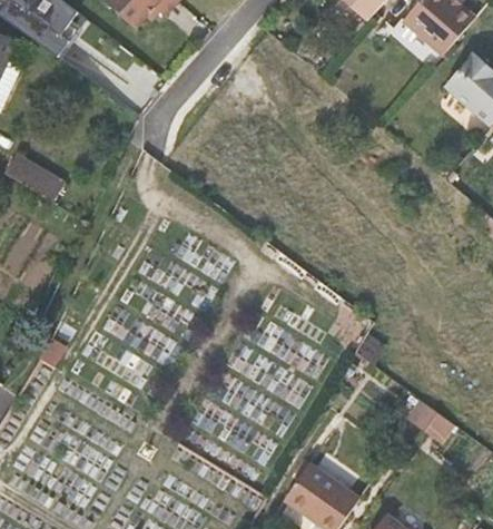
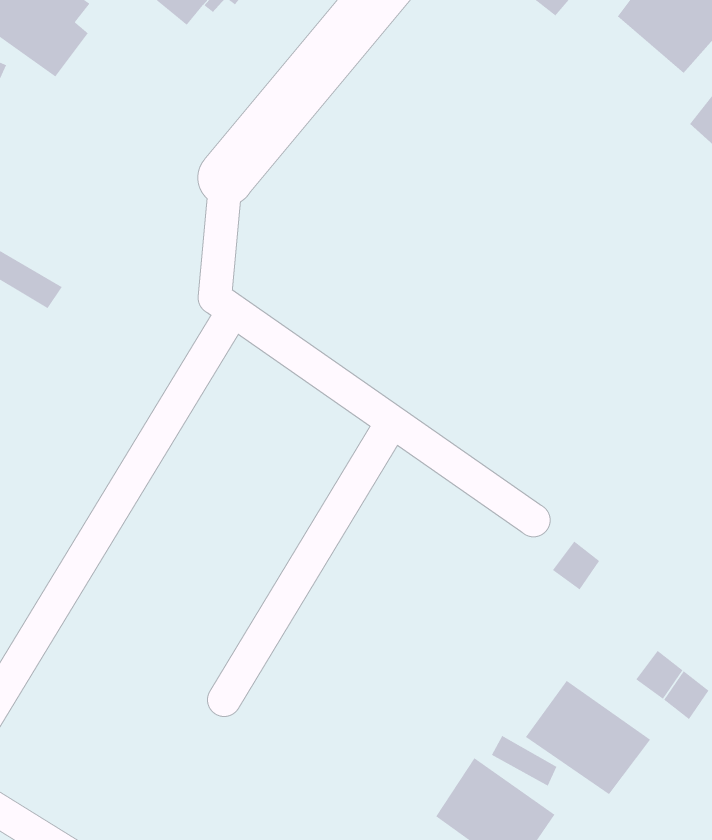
building: none -> [525,680,651,795]

